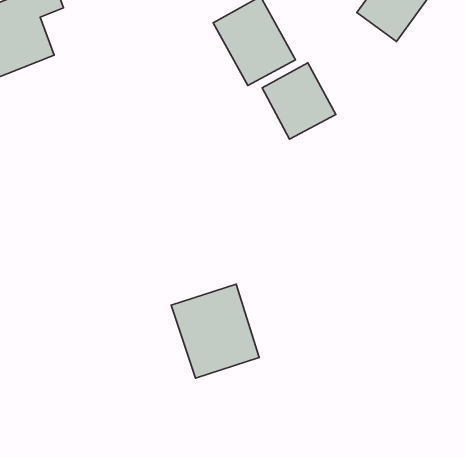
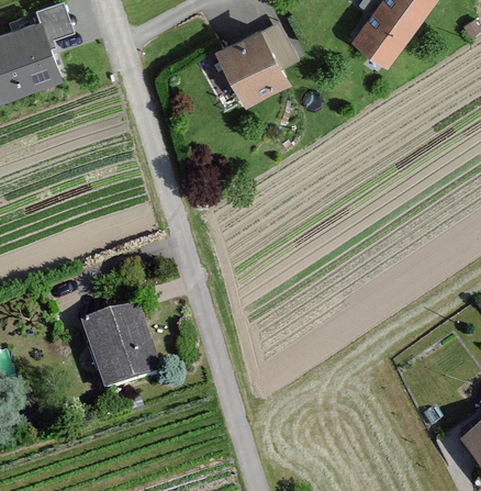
building: [262,63,336,139] -> none
building: [171,284,259,378] -> [78,311,161,400]

